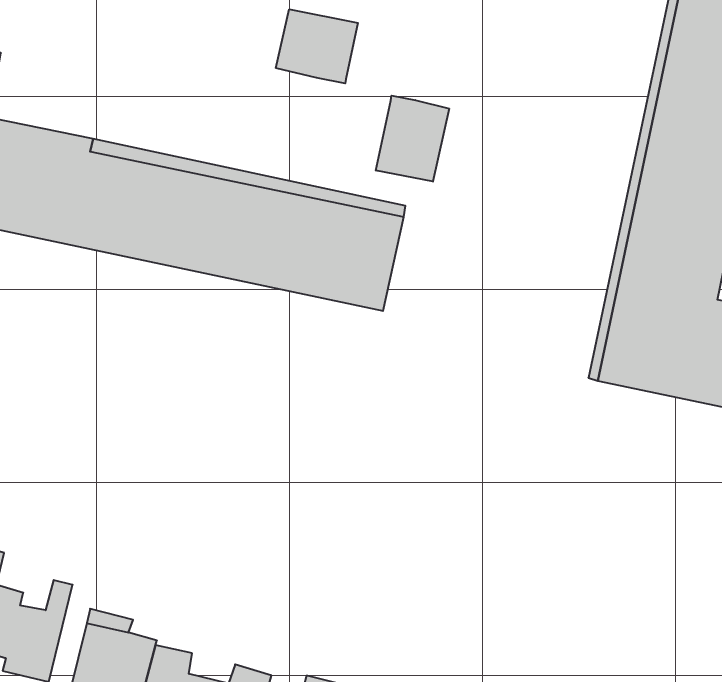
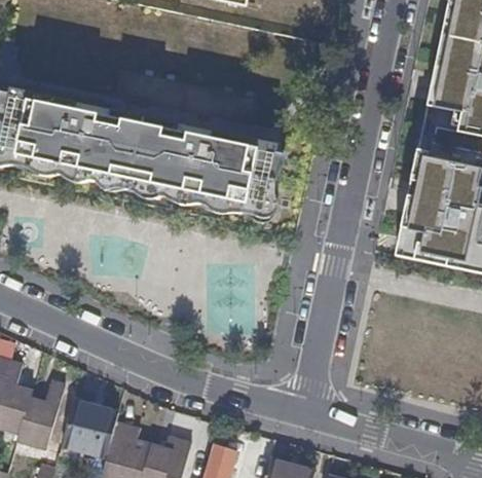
building: [276,9,358,83] -> none
building: [376,96,449,182] -> none

